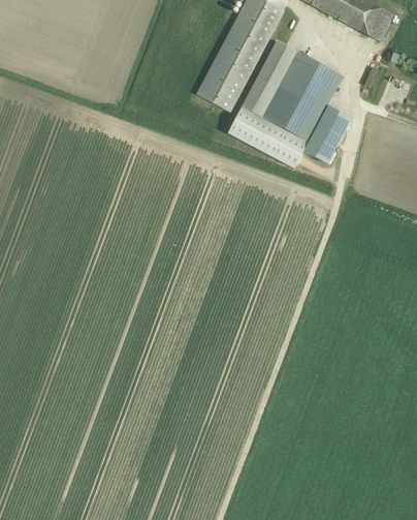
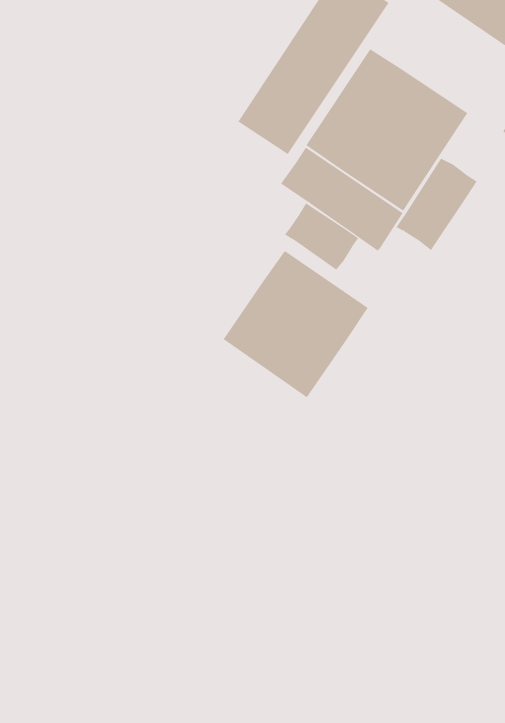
building: none -> [284,203,359,270]
building: none -> [223,250,368,398]

